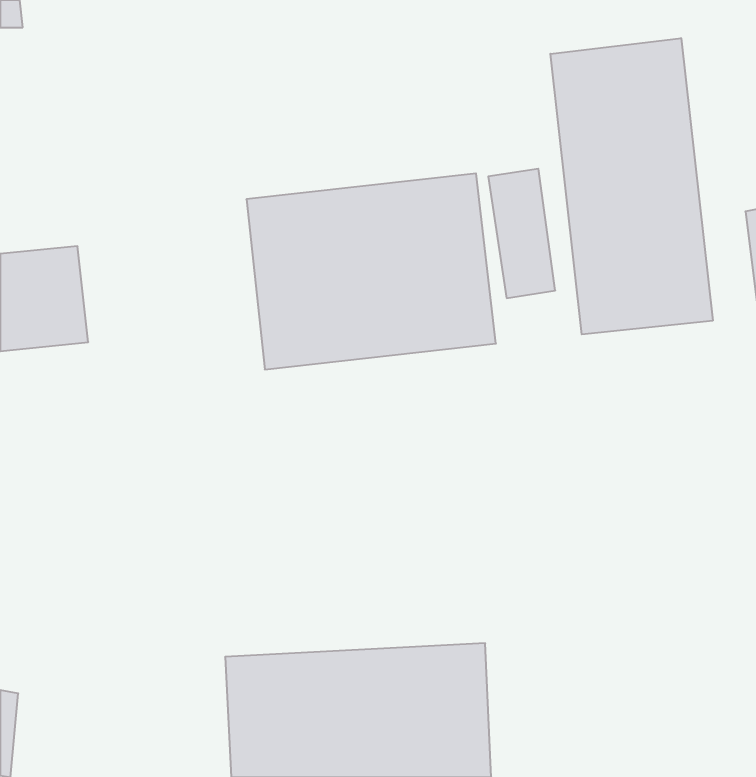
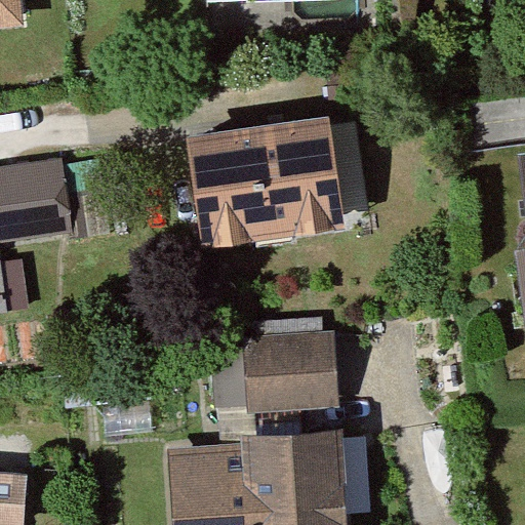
building: [550,38,713,334] -> none
building: none -> [247,340,337,406]

